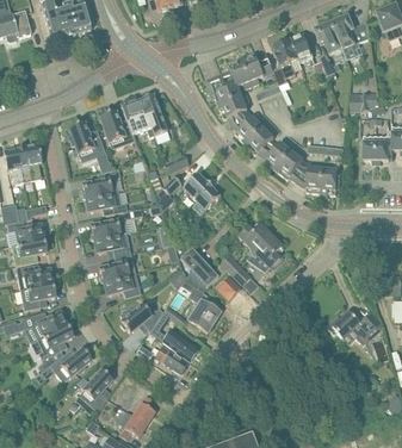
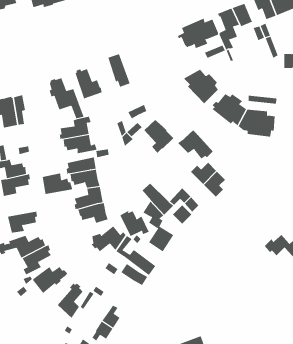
building: [205,71,249,123] -> none
building: [120,98,154,136] -> none
building: none -> [177,129,214,160]
building: [16,262,52,288] -> [42,173,73,195]
building: none -> [119,210,150,237]

